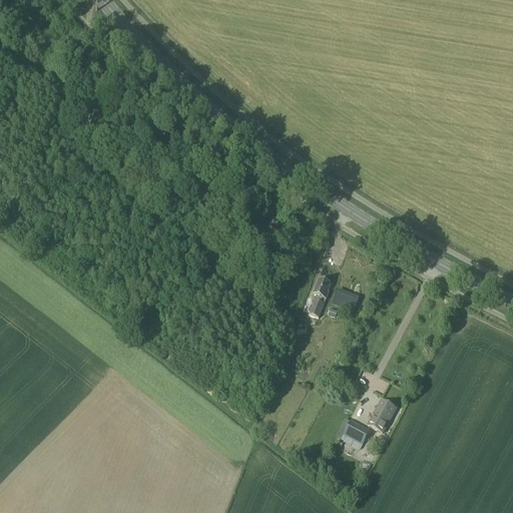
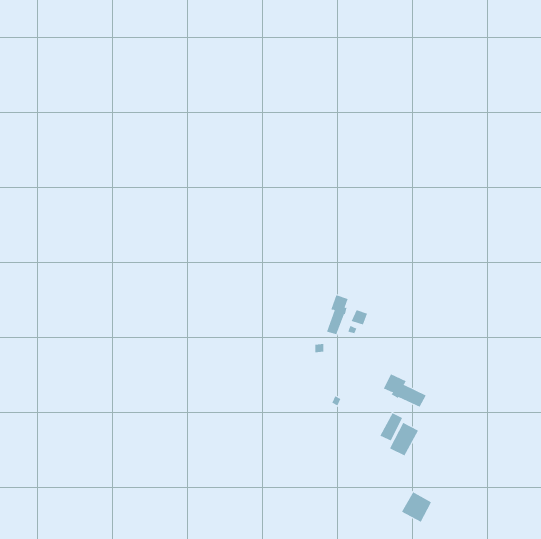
building: none -> [383,373,426,407]
building: [342,419,371,448] -> [401,492,432,522]

